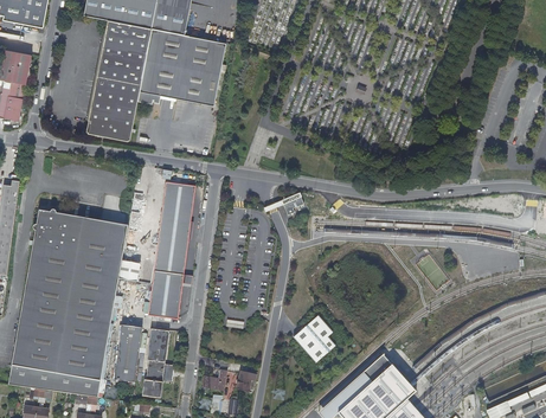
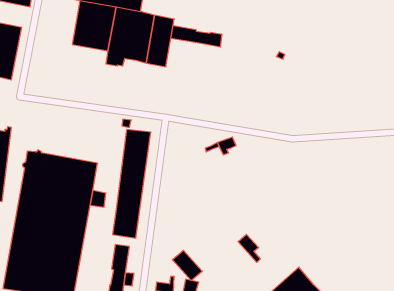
building: none -> [171,26,222,47]
building: [85,75,141,139] -> none
building: [113,323,142,381] -> none
building: [291,324,329,362] -> [172,250,202,280]

